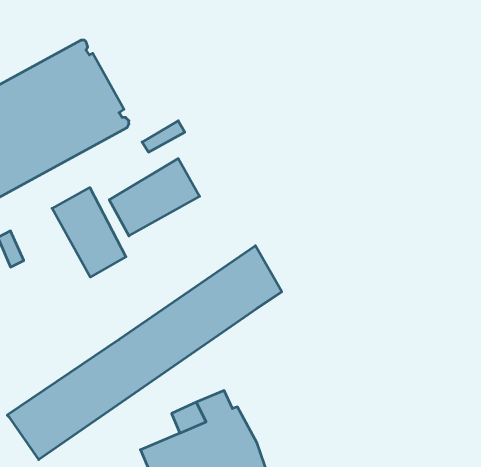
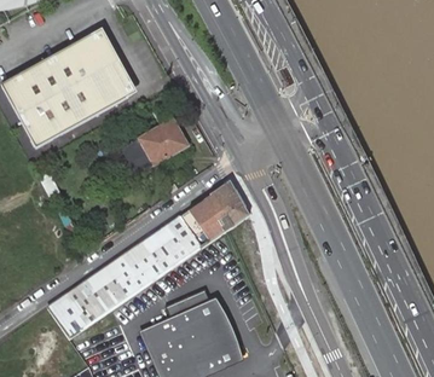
building: [52,188,126,277] -> none

